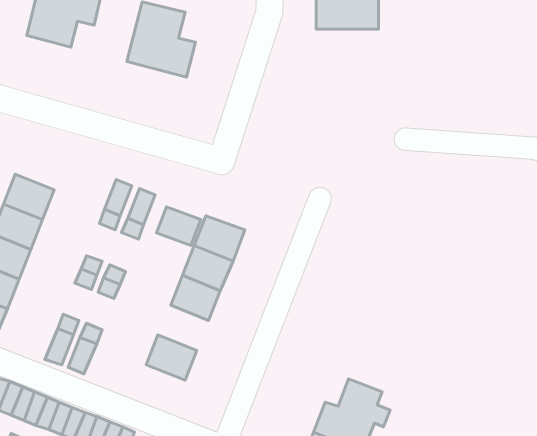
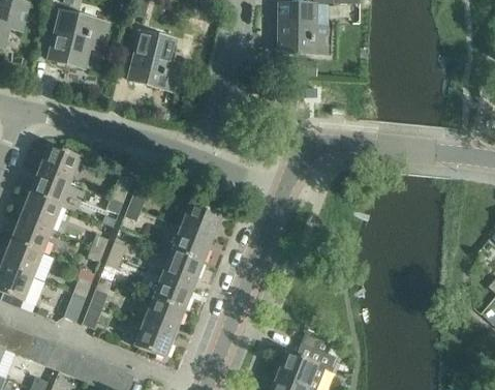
building: none -> [39,146,80,182]
building: [157,207,201,246] -> none
building: none -> [153,274,193,310]
building: none -> [134,322,175,358]

